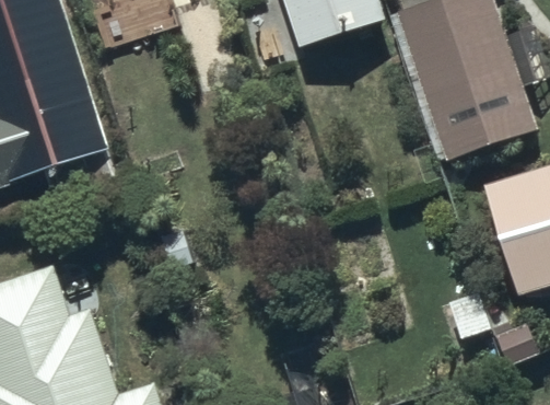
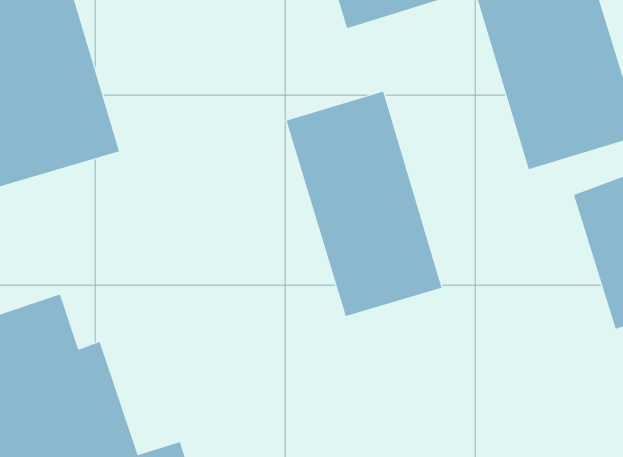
building: none -> [286,91,442,317]

